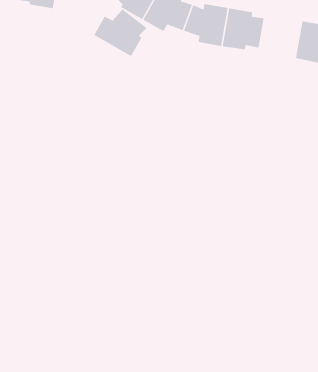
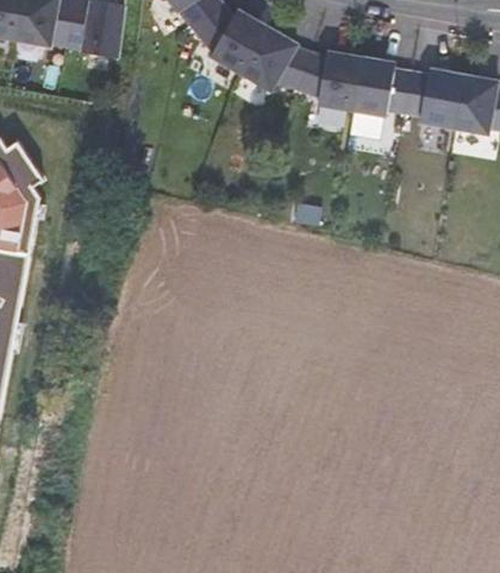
building: [93,8,148,57] -> none
building: none -> [404,68,463,126]

